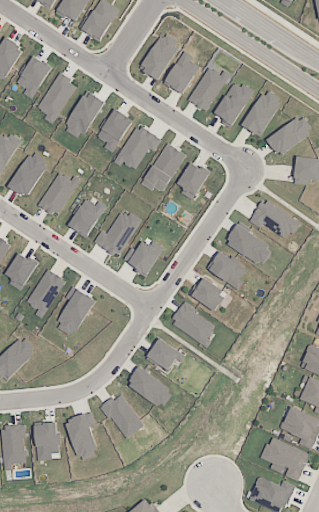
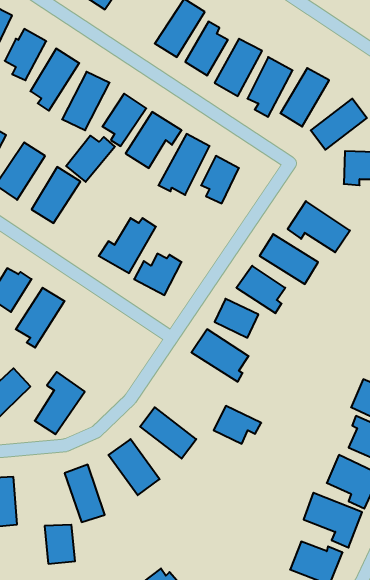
building: [67,198,107,236] -> [66,136,115,182]
building: [54,285,95,336] -> [35,372,85,434]
building: [146,338,185,369] -> [214,406,261,444]
building: [34,422,59,454] -> [45,525,75,564]

